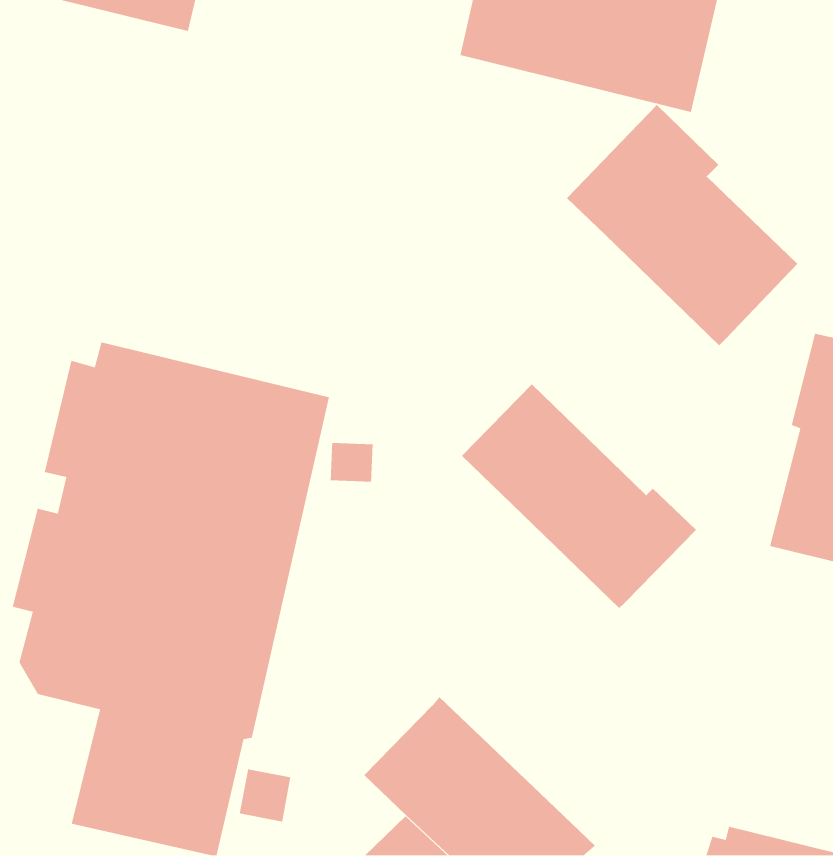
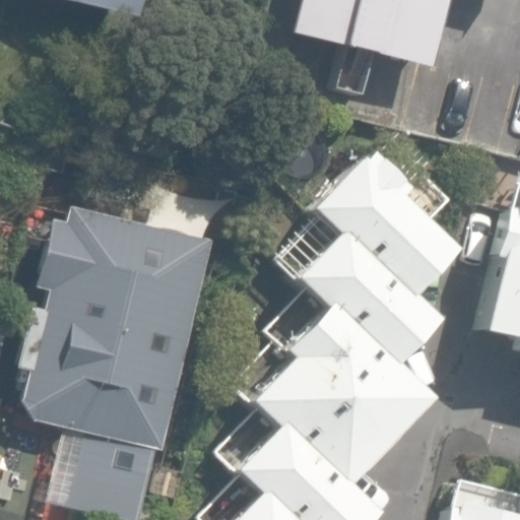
building: [566,104,798,346] -> [314,152,454,299]
building: none -> [249,305,431,483]

